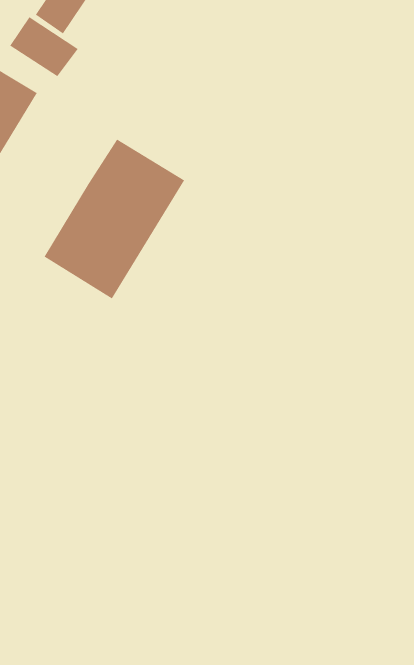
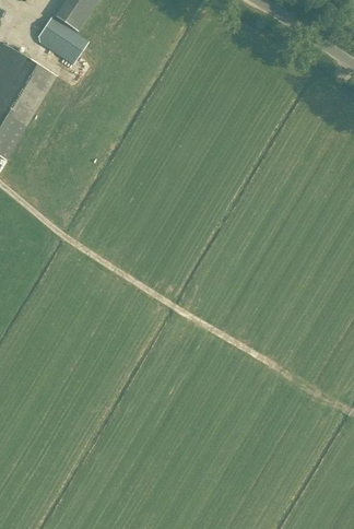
building: [43,139,185,299] -> none

